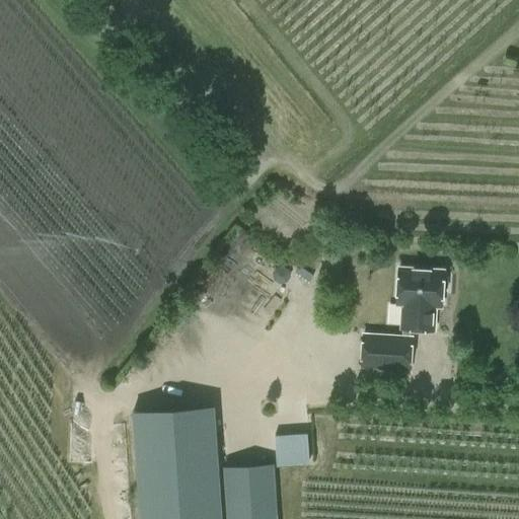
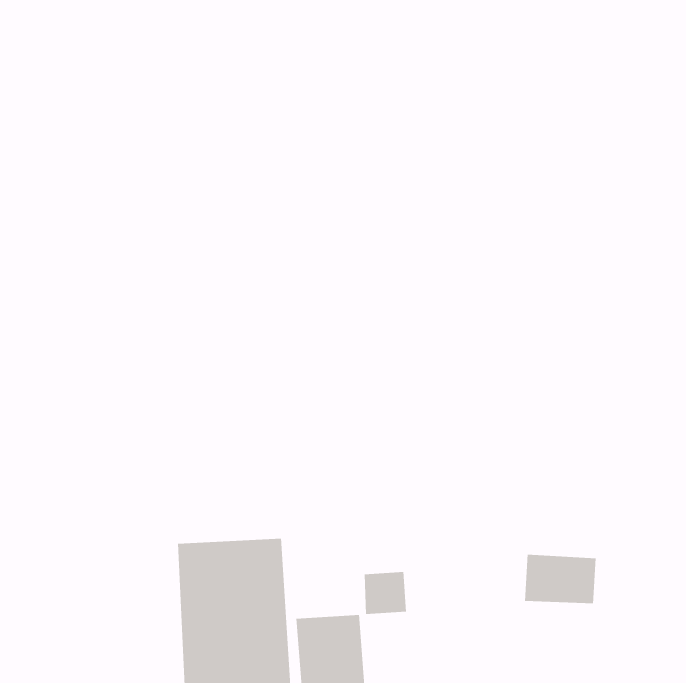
building: [396,270,443,330] -> none
building: [359,335,414,372] -> [524,554,597,604]

